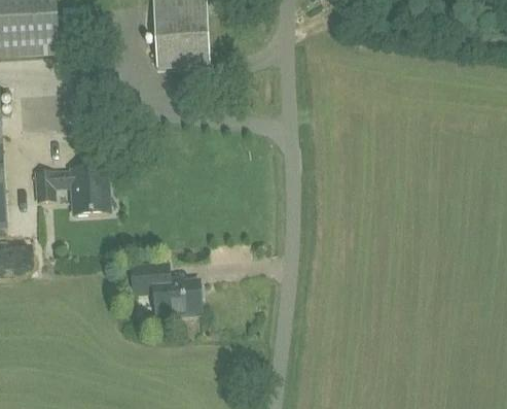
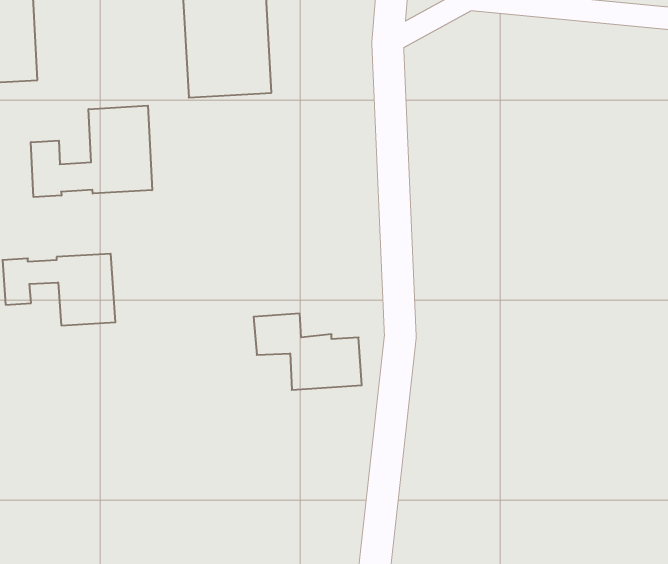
building: none -> [31,106,152,197]
building: [132,264,202,313] -> [254,314,362,390]

